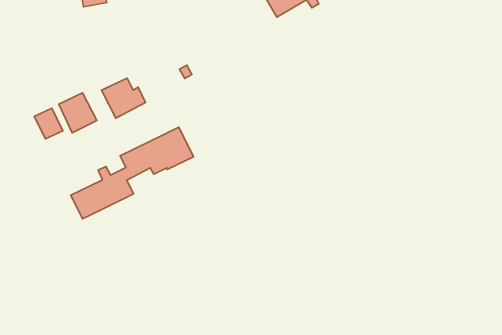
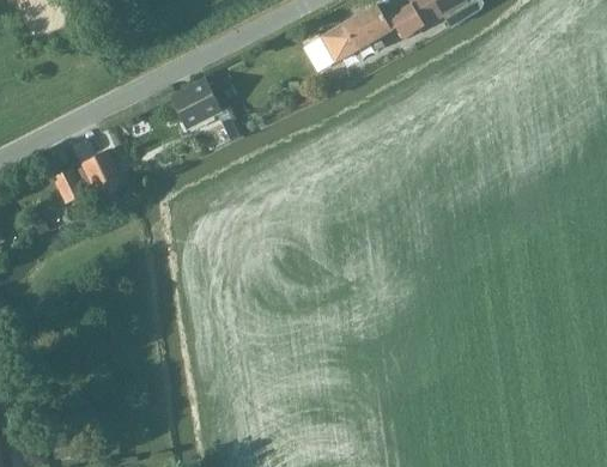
building: [101,78,145,118] -> [168,81,219,128]
building: [71,127,193,219] -> none

